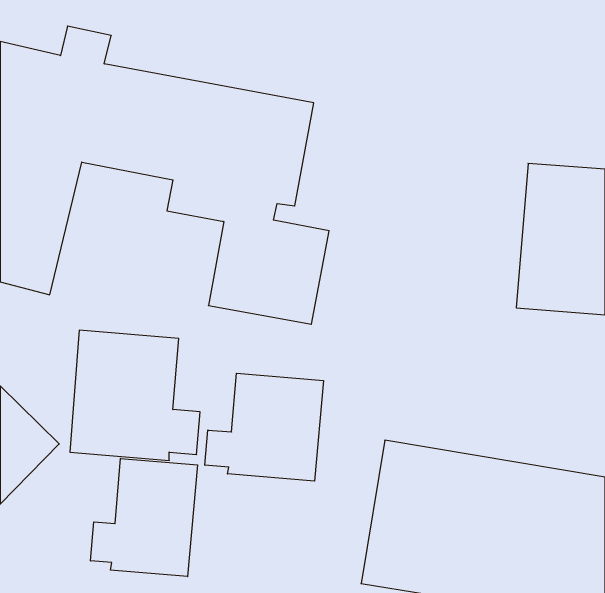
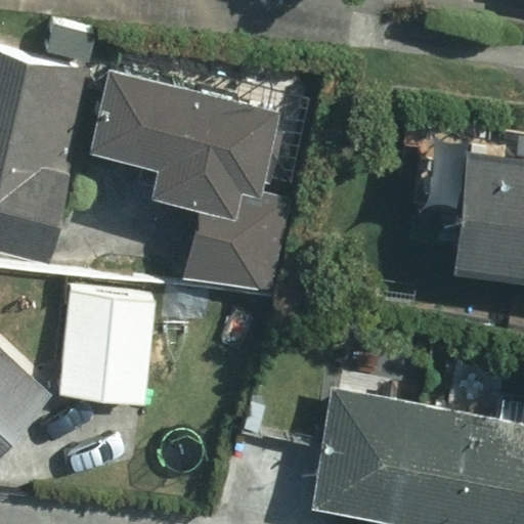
building: [205,373,323,481] -> none
building: [91,458,197,577] -> none

